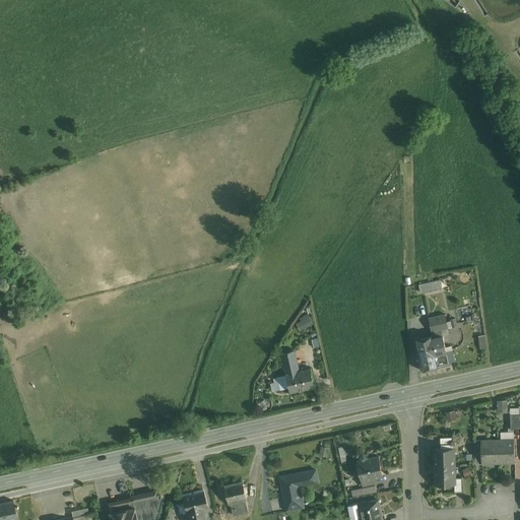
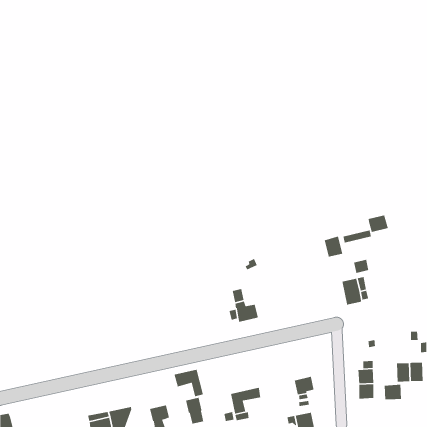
building: none -> [368,214,389,233]
building: none -> [324,236,343,258]
building: none -> [173,369,204,397]
building: none -> [384,384,402,400]

